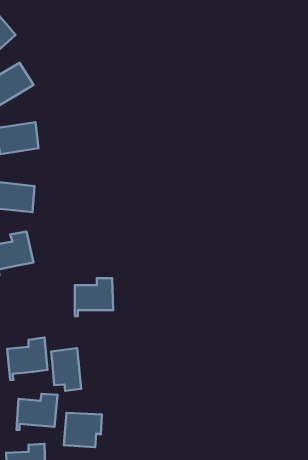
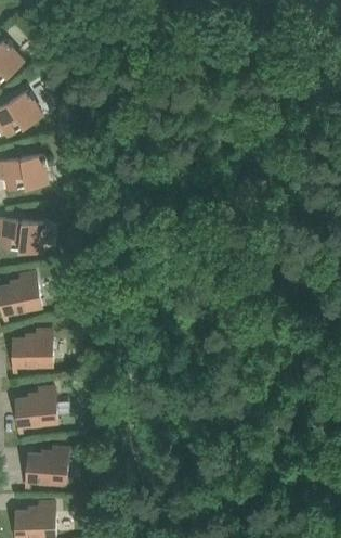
building: [75,278,113,316] -> [11,331,52,372]
building: [51,348,81,391] -> none
building: [64,413,102,447] -> none

